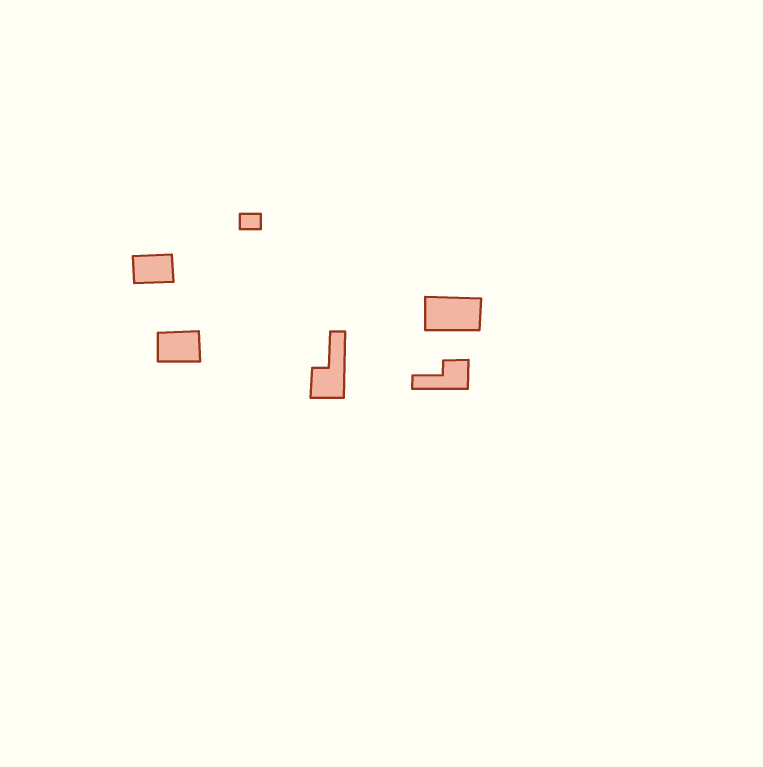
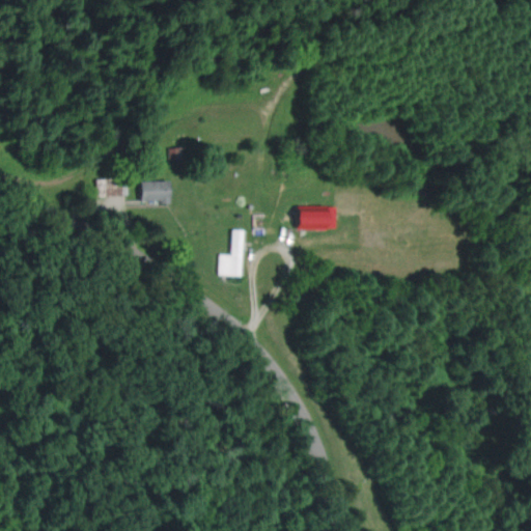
building: [158,331,200,361] -> [141,181,170,202]
building: [412,360,468,389] -> none

